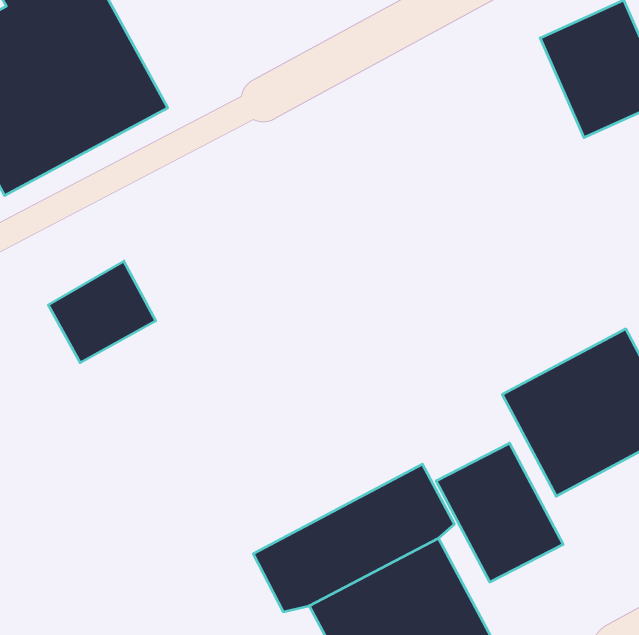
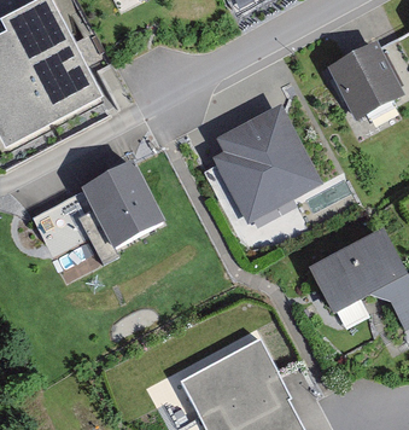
building: none -> [209,104,332,233]
building: none -> [77,165,164,248]
building: [436,443,563,582] -> none

